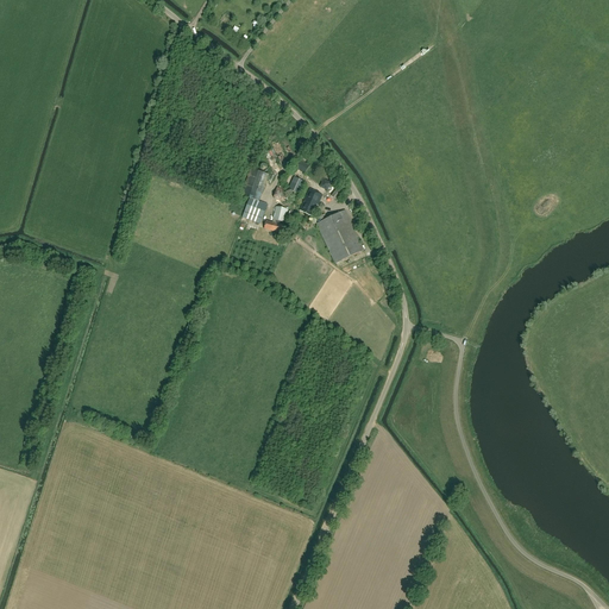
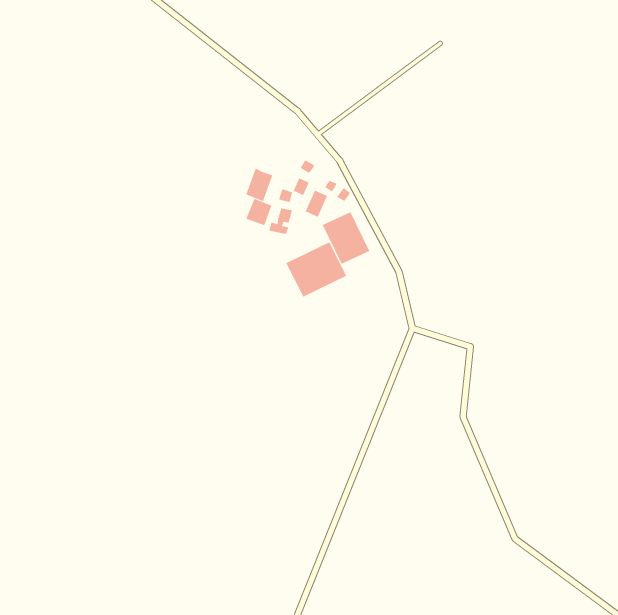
building: none -> [286,242,347,297]

